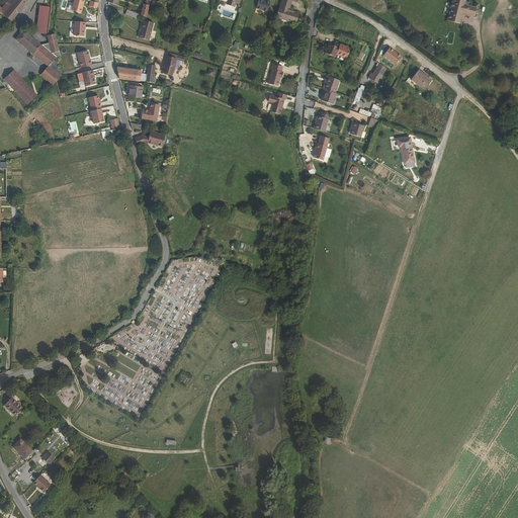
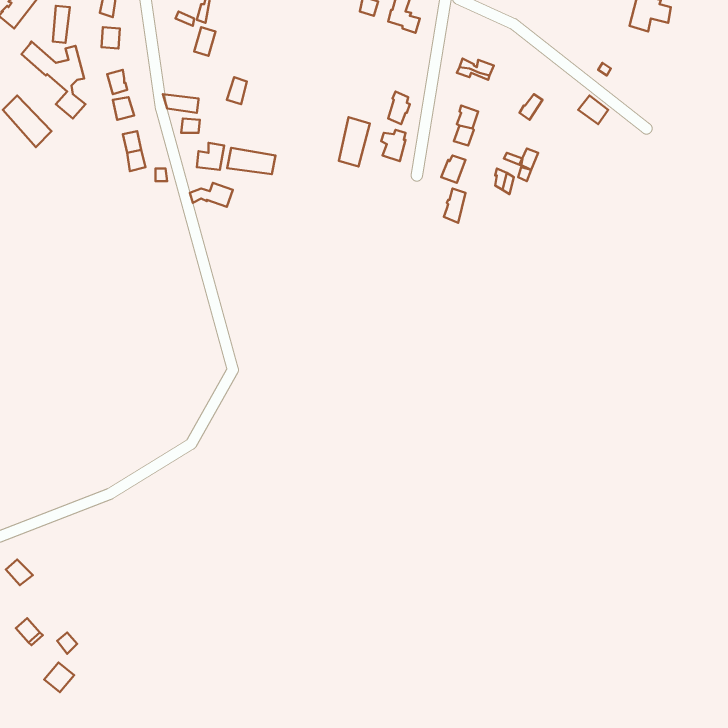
building: none -> [339,117,370,166]
building: none -> [227,148,276,174]
building: [392,136,415,164] -> none

